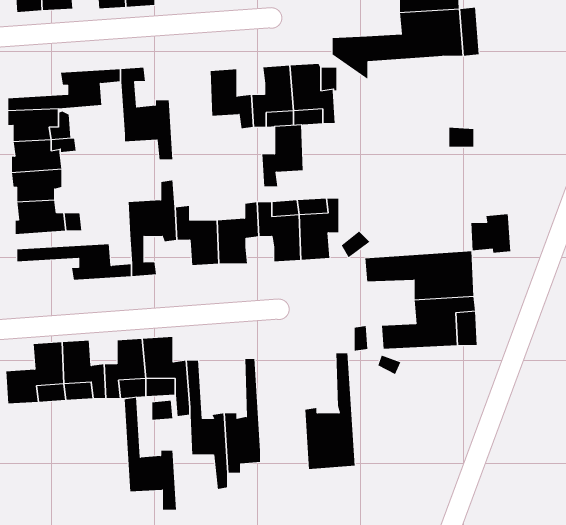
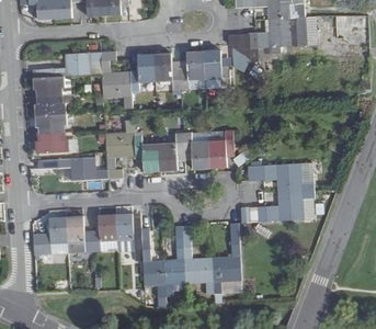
building: [262,125,304,187] -> [129,54,155,91]
building: [471,213,511,253] -> none
building: [124,397,177,510] -> [181,226,213,294]

